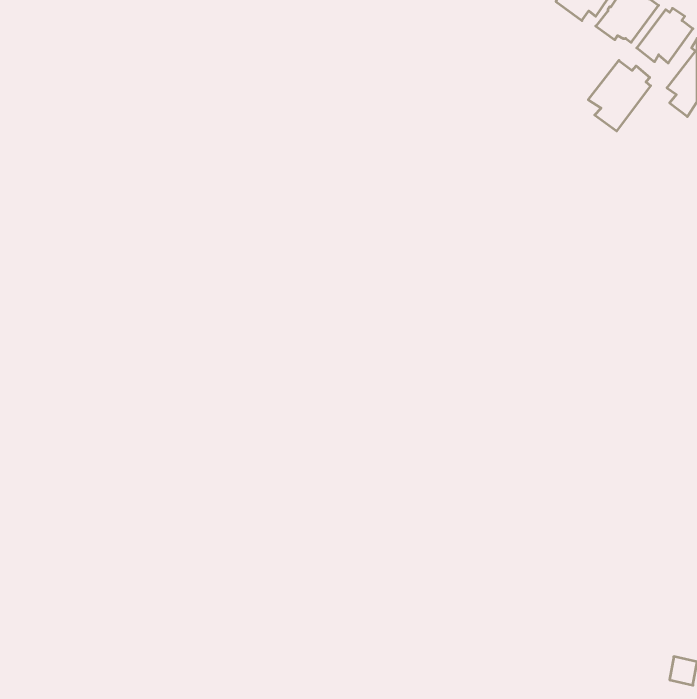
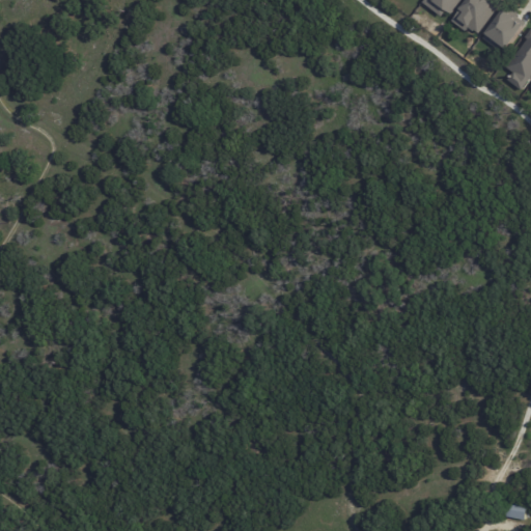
building: [588,60,651,131] -> none

